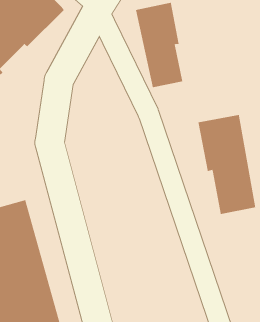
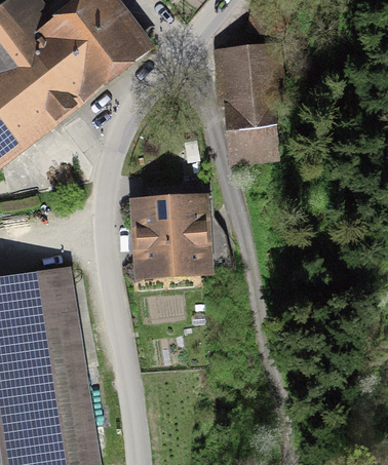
building: none -> [142,177,231,274]
building: [198,114,256,215] -> none

